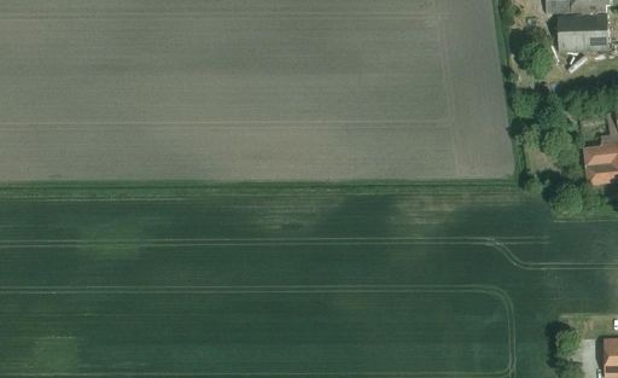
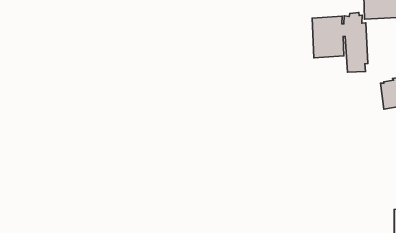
building: none -> [312,13,368,72]

